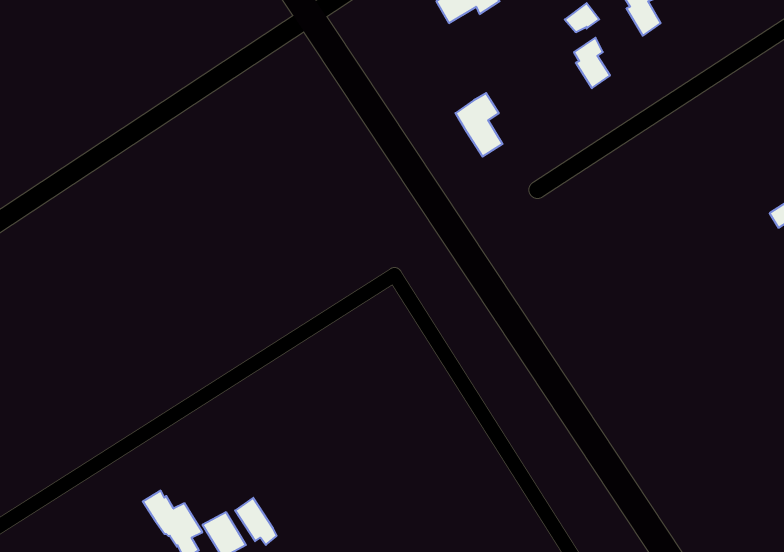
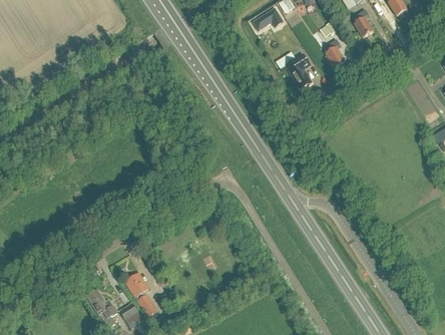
building: [455,93,503,157] -> [286,54,312,89]
building: none -> [124,273,148,301]

